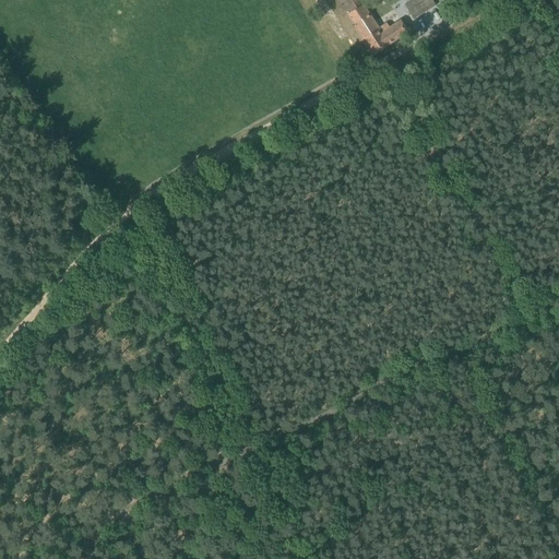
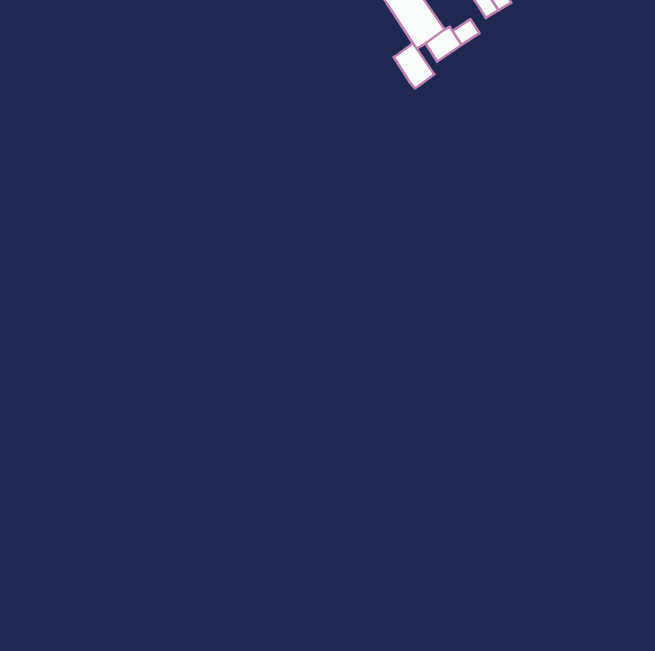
building: none -> [394,43,434,88]

